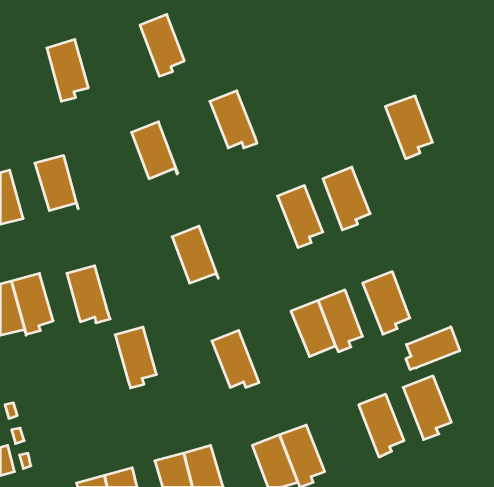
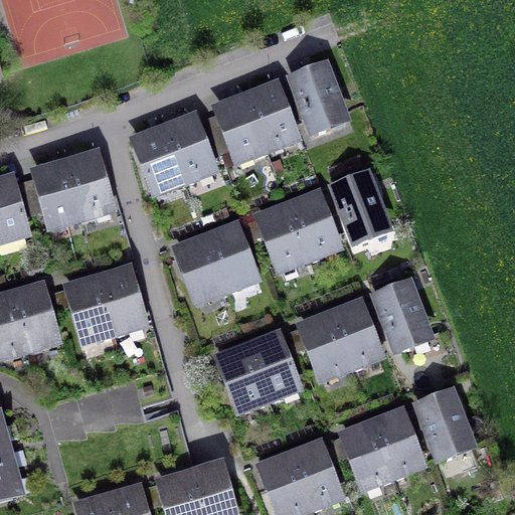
building: [140,14,184,76] -> [165,116,211,180]
building: [47,39,88,101] -> [66,153,110,217]
building: none -> [246,83,294,143]
building: [385,96,433,159] -> [294,65,343,131]
building: none -> [261,204,310,263]
building: none -> [207,224,253,290]
building: none -> [248,334,296,398]
building: [406,327,460,370] -> none
building: [115,327,157,388] -> [99,269,142,332]
building: none -> [345,421,394,481]

